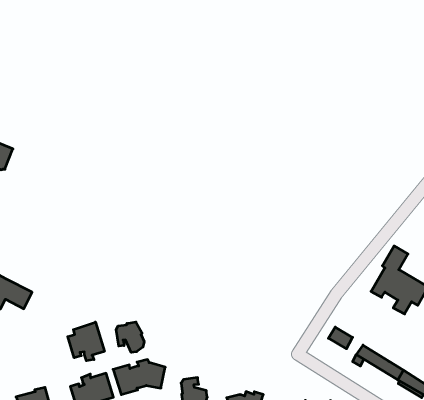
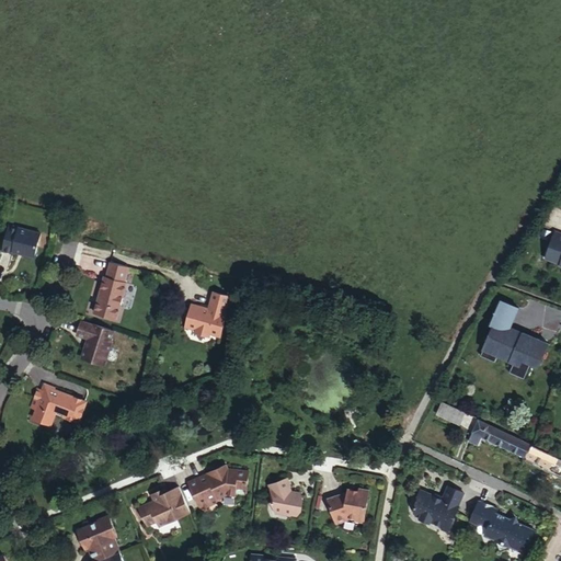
building: none -> [89,260,125,318]
building: none -> [181,289,227,334]
building: none -> [70,318,108,366]
building: [116,322,144,352] -> none
building: [68,322,104,361] -> none

